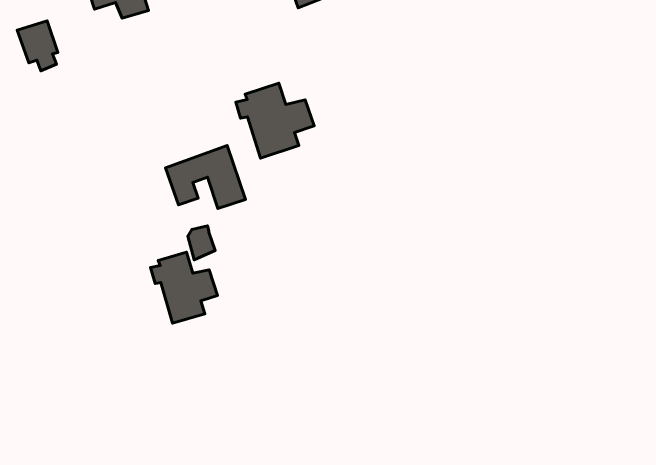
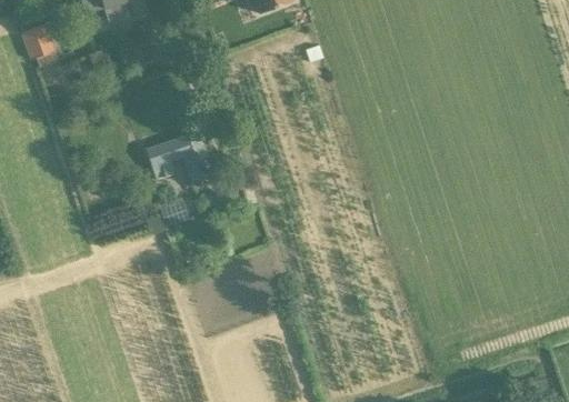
building: [236,83,314,158] -> none
building: [151,252,217,323] -> none

